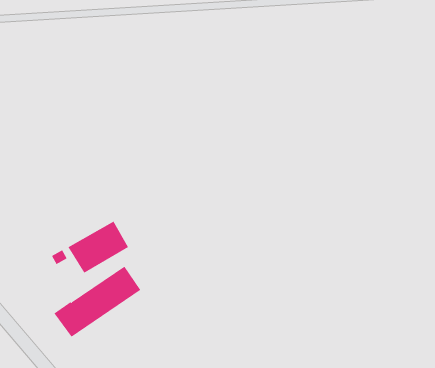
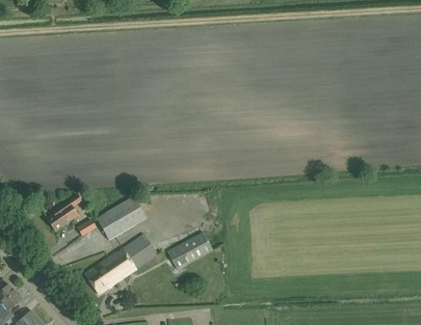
building: none -> [47,193,80,231]
building: none -> [167,232,213,269]

